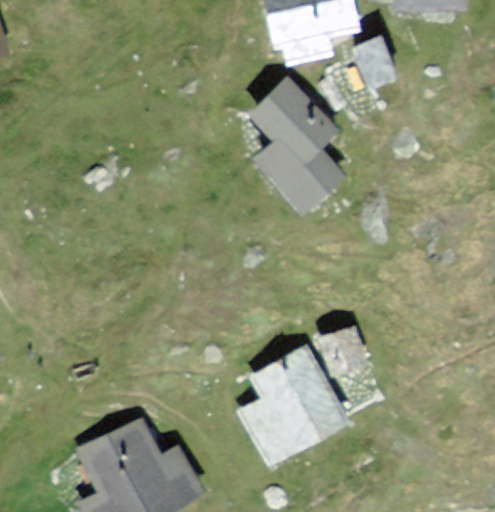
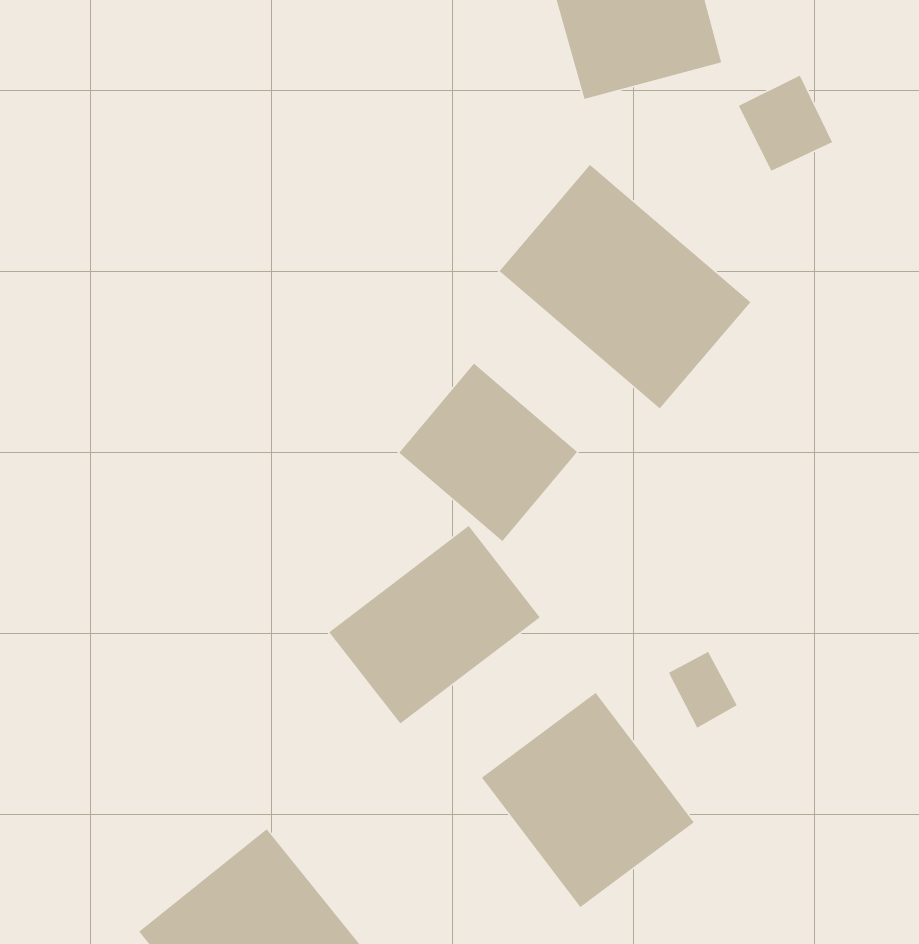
building: none -> [398,363,578,542]
building: none -> [328,525,541,724]

